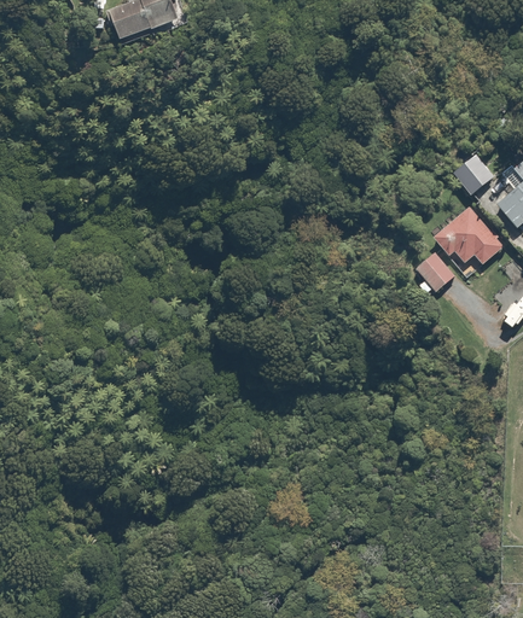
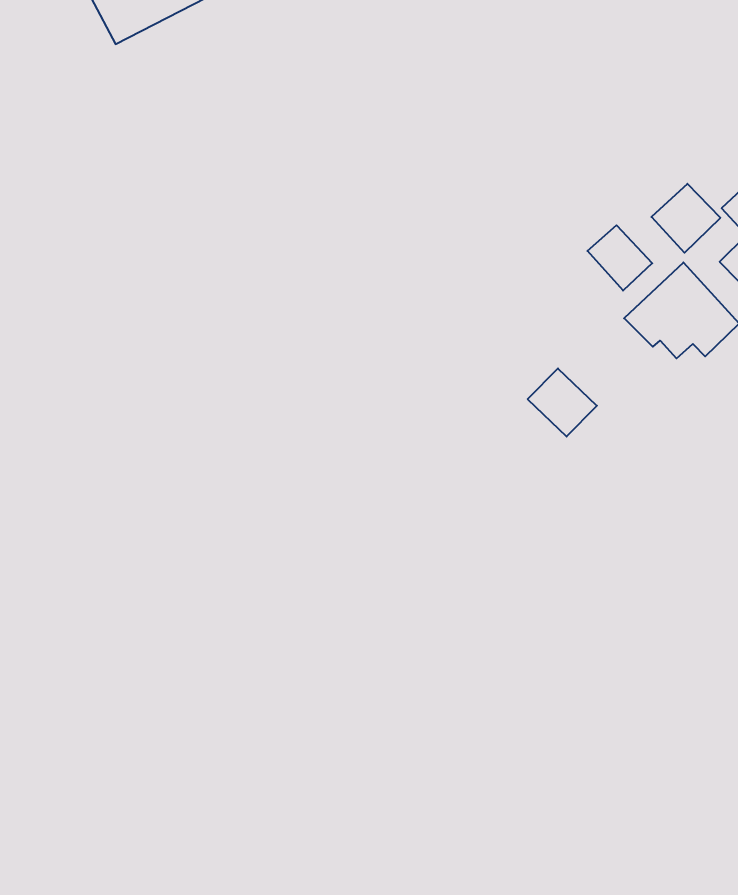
building: none -> [587,225,652,291]
building: [414,250,458,293] -> [528,368,597,437]

